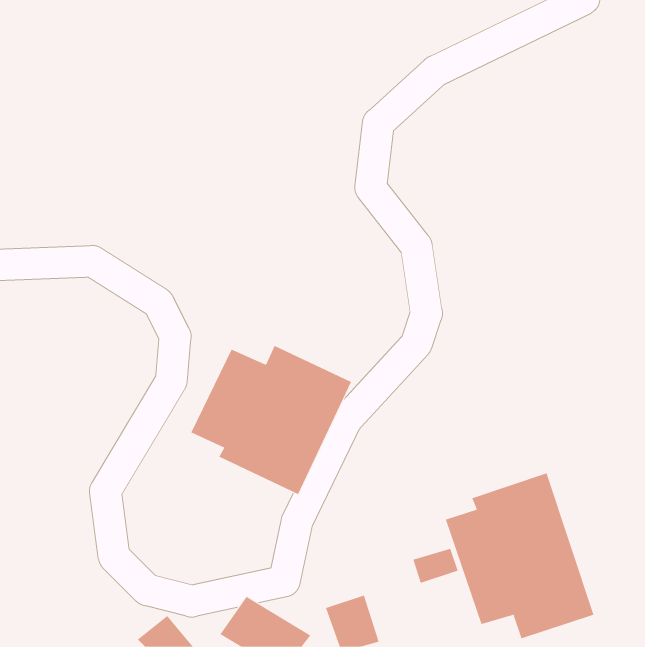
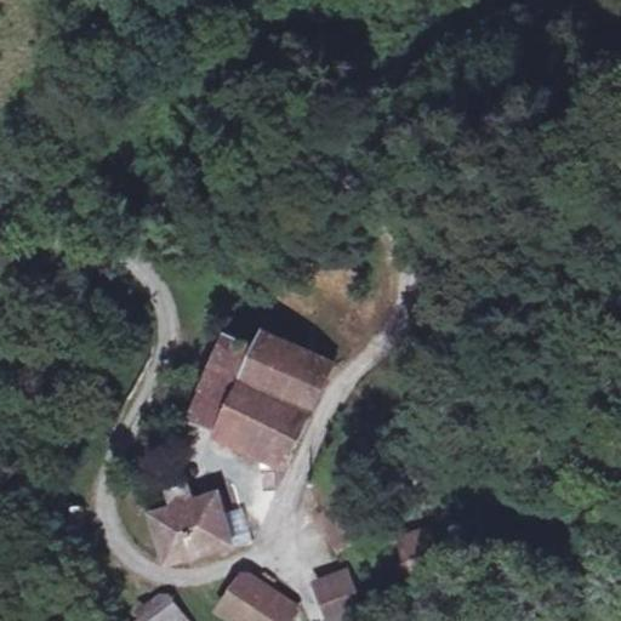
building: [445,473,594,639] -> none
building: none -> [150,478,232,566]

